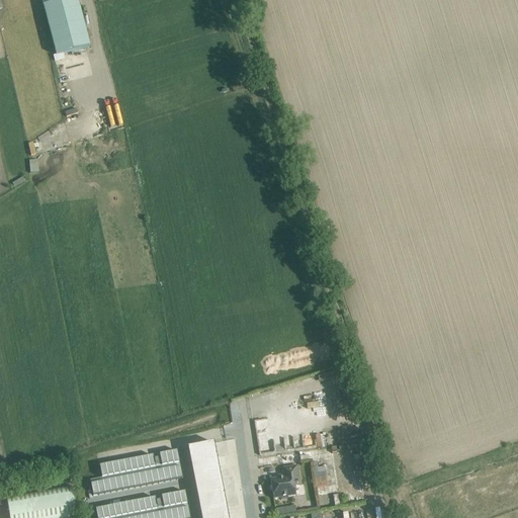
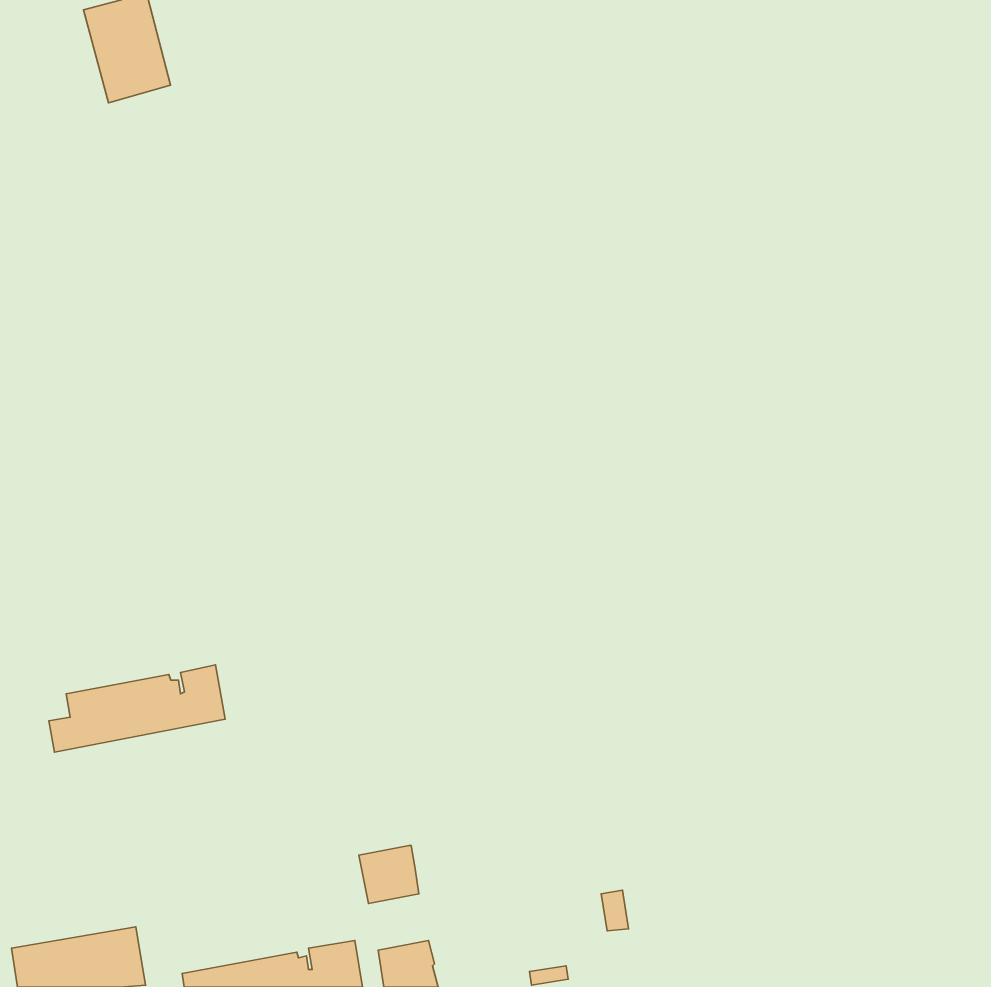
building: [90,449,182,495] -> [49,665,225,752]
building: [270,464,299,498] -> none
building: [192,466,224,496] -> none

